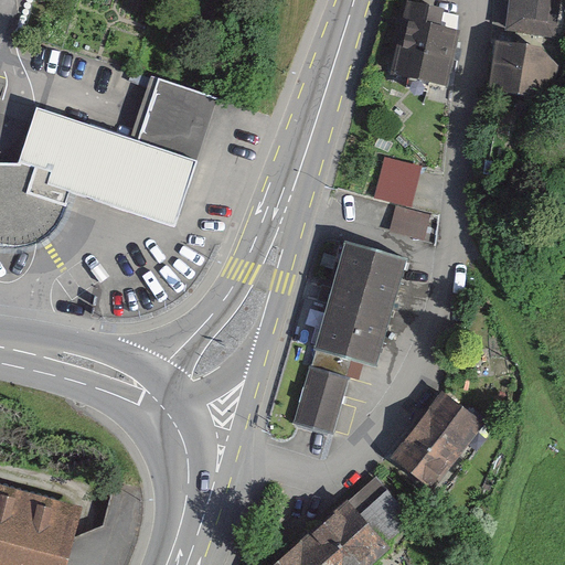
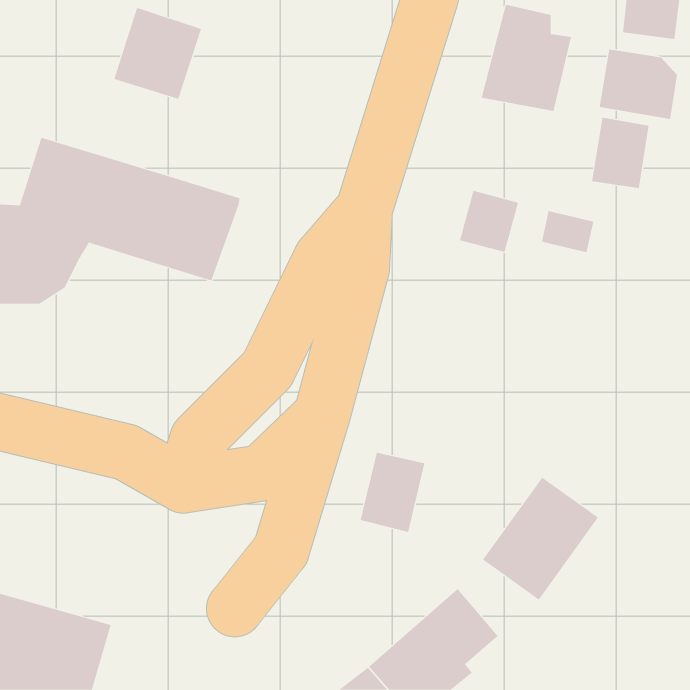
building: [142,86,214,161] -> [114,7,202,99]
building: none -> [592,117,649,189]
building: [388,204,431,238] -> [541,211,594,253]
building: [313,244,418,372] -> none

